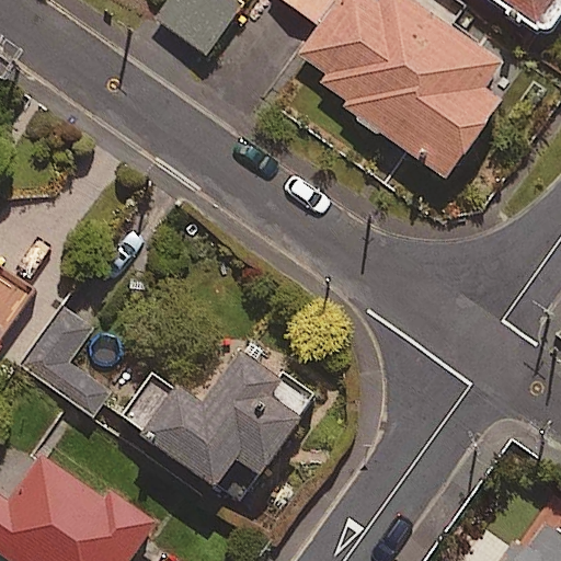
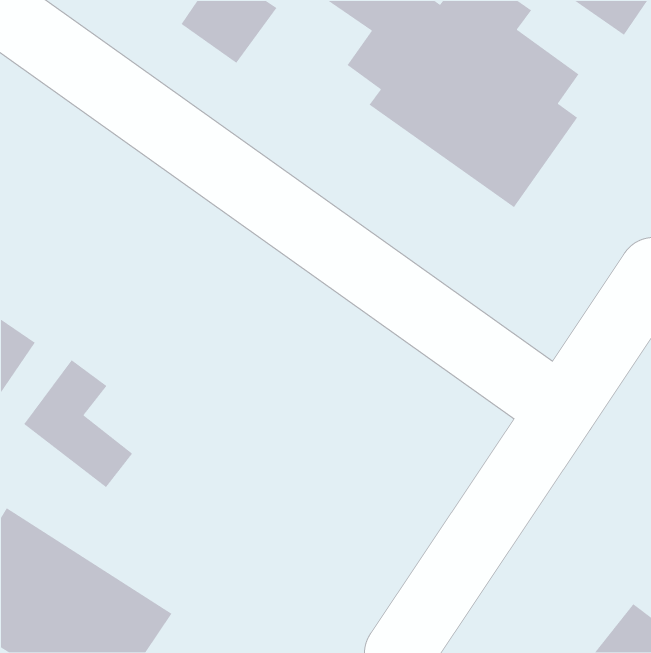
building: [162,345,311,485] -> none

